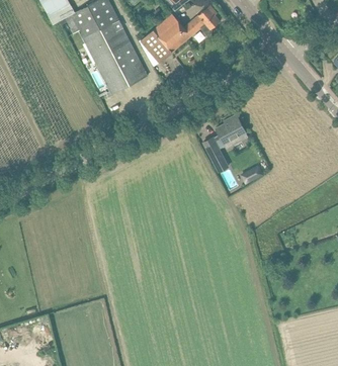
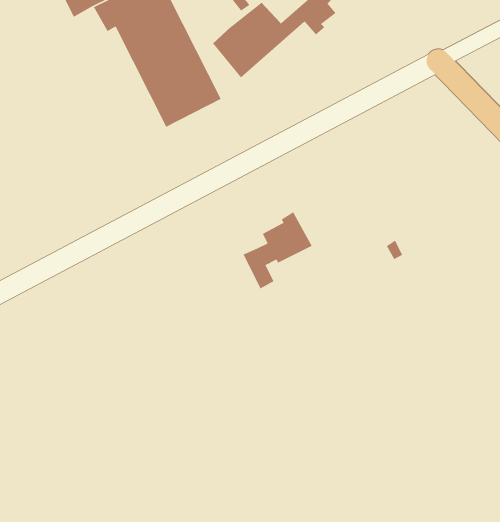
building: [203,114,248,164] -> [243,211,313,289]

